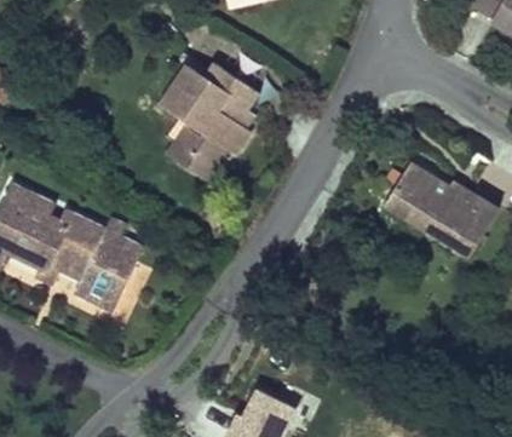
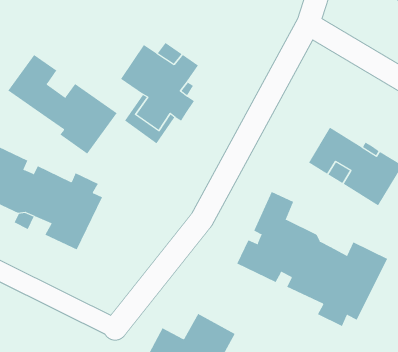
building: none -> [7,54,118,155]
building: none -> [237,191,388,327]

